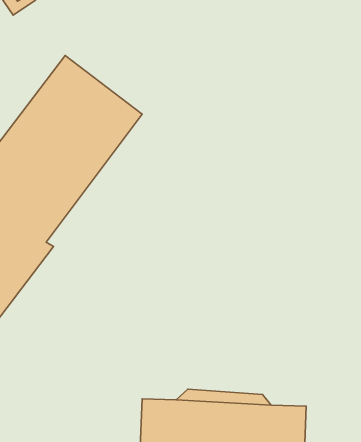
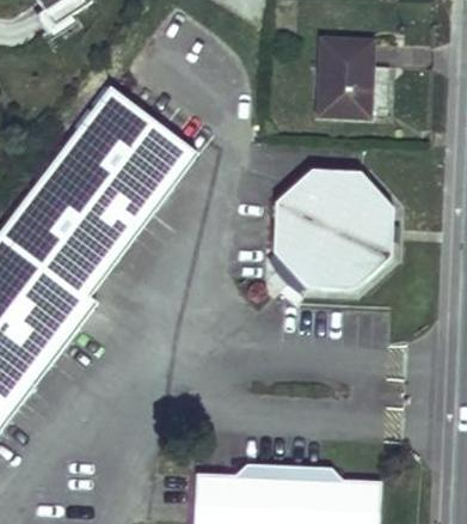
building: none -> [319,38,388,117]
building: none -> [272,166,391,287]

